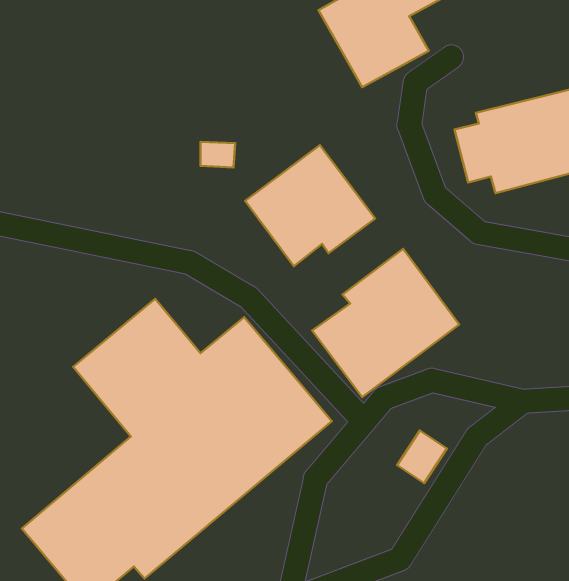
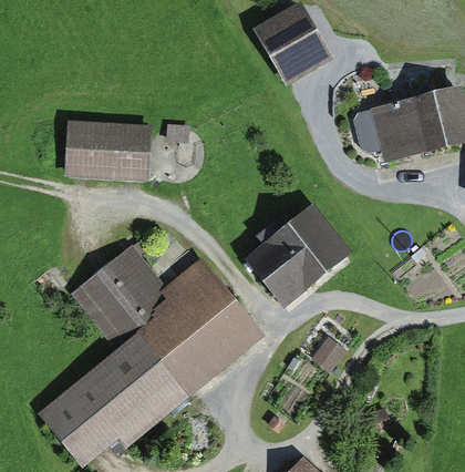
building: none -> [63,124,151,185]
building: [245,145,375,266] -> none

